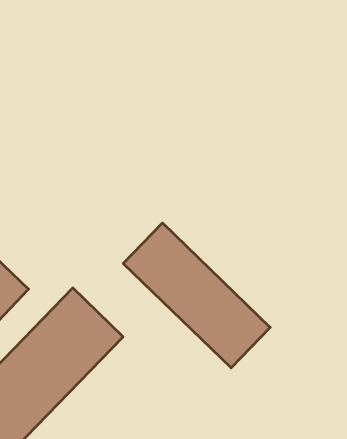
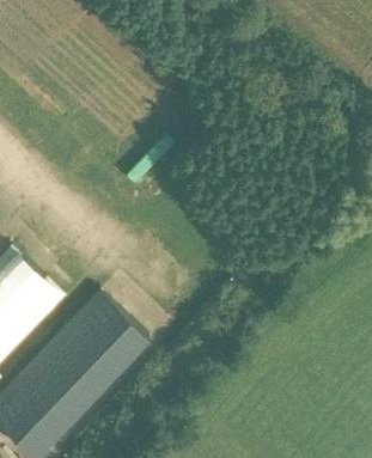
building: [123,223,270,368] -> none

